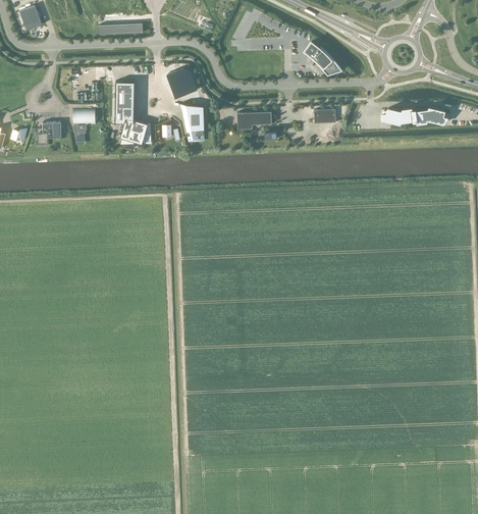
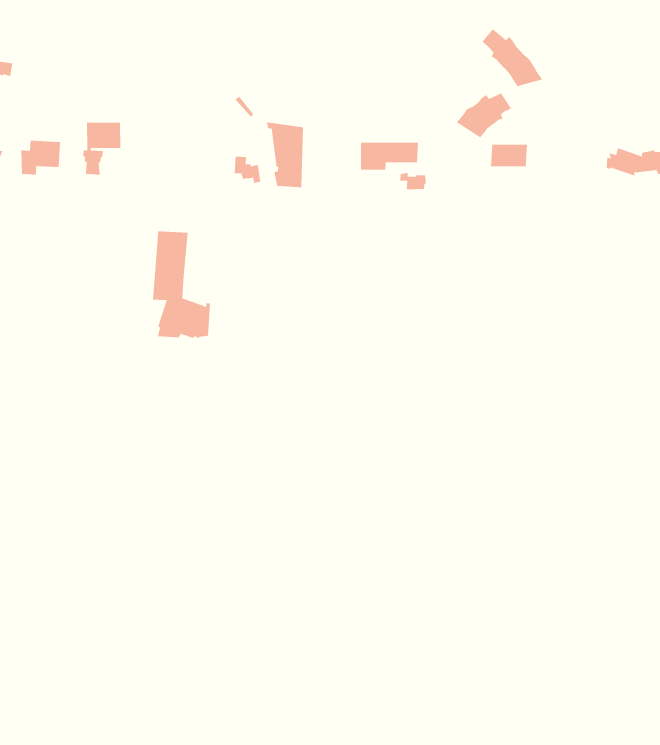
building: [169,67,198,97] -> none
building: none -> [456,93,512,138]
building: [116,82,151,144] -> [152,231,211,339]

